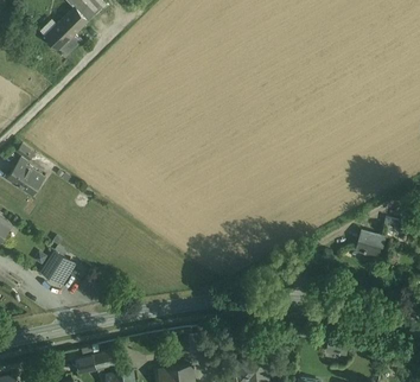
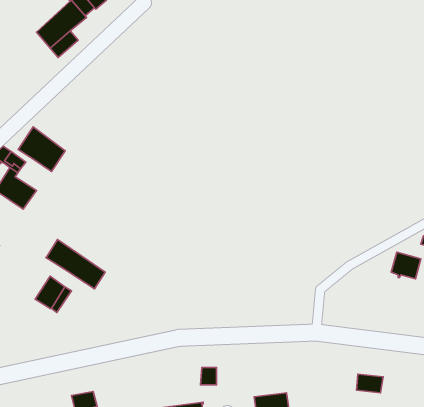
building: none -> [18,127,65,172]
building: none -> [46,239,105,289]

